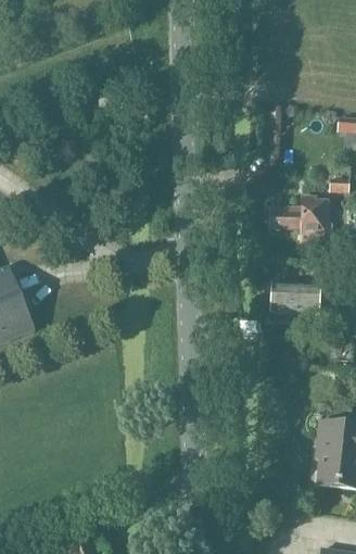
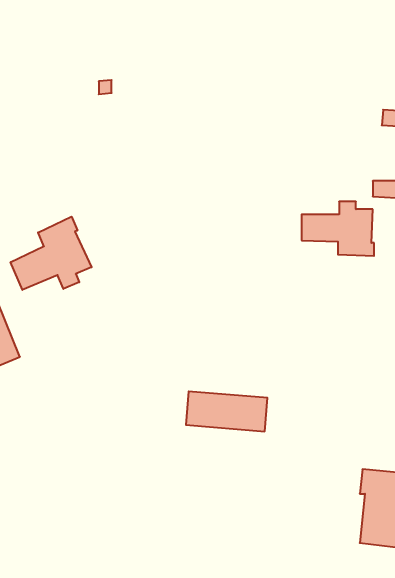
building: none -> [11,217,92,290]
building: [269,280,338,314] -> [186,391,267,431]

